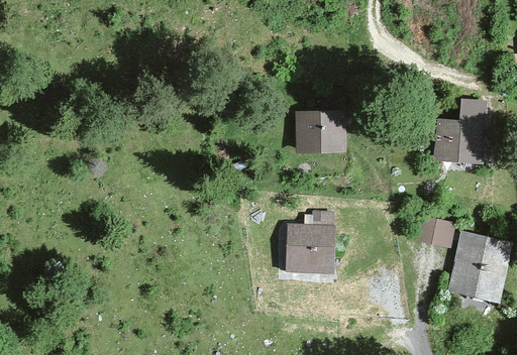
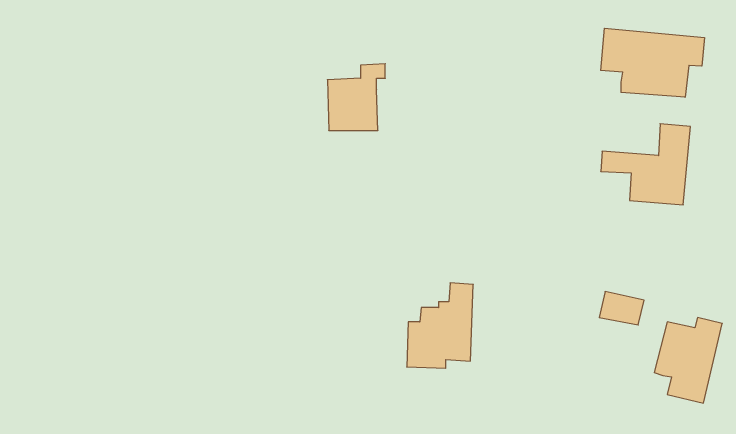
building: none -> [601,28,704,97]
building: [300,104,340,150] -> [327,64,385,130]

